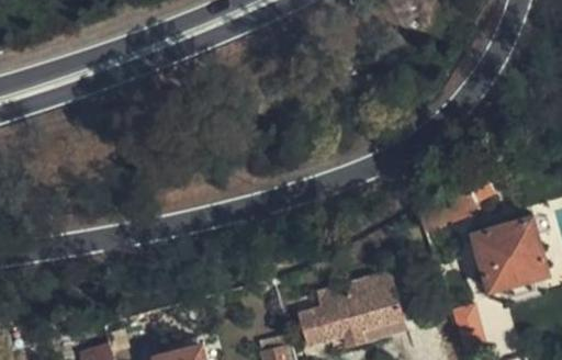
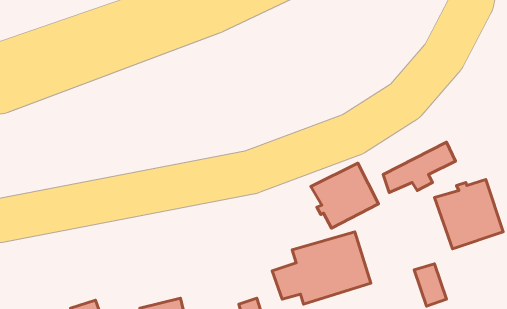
building: none -> [311,163,379,228]

